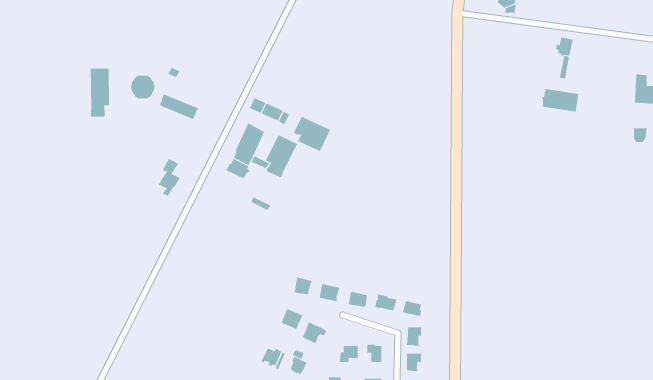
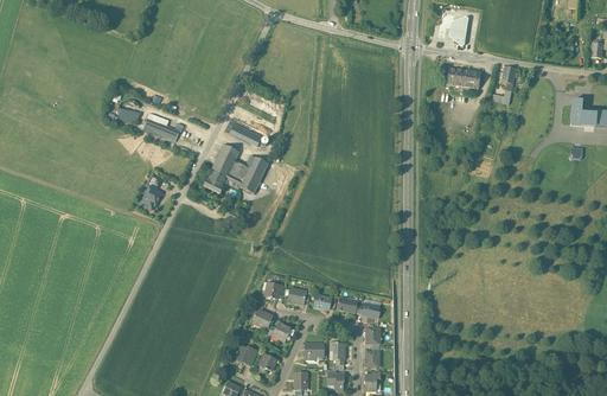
building: [90,68,110,118] -> none
building: [541,88,579,112] -> [446,66,480,88]
building: [294,116,331,152] -> none

